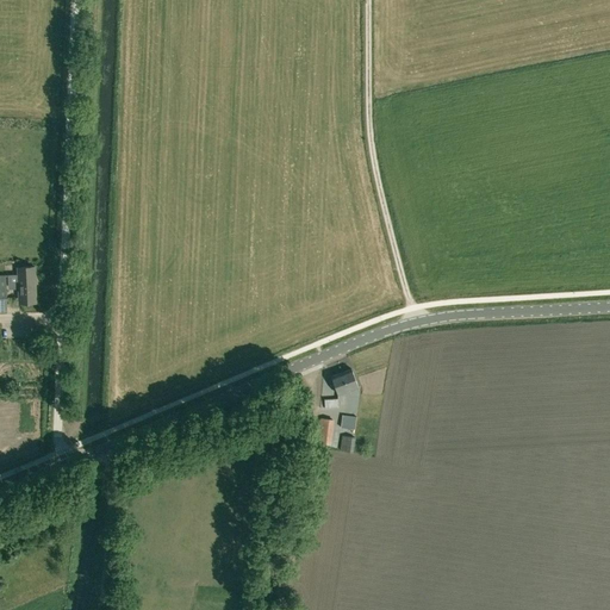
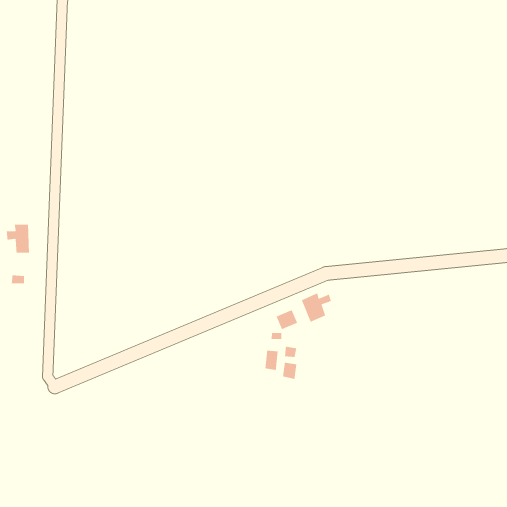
building: none -> [301,292,332,323]

